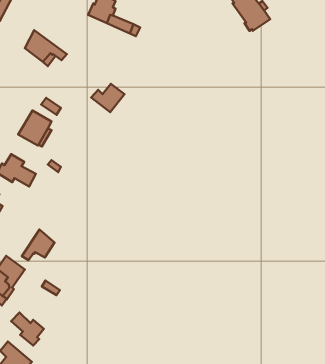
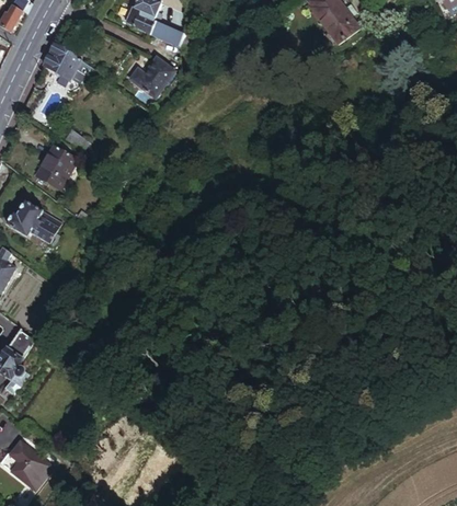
building: [91,84,125,112] -> [127,61,170,97]
building: [22,230,54,260] -> none
building: [11,312,44,346] -> none

